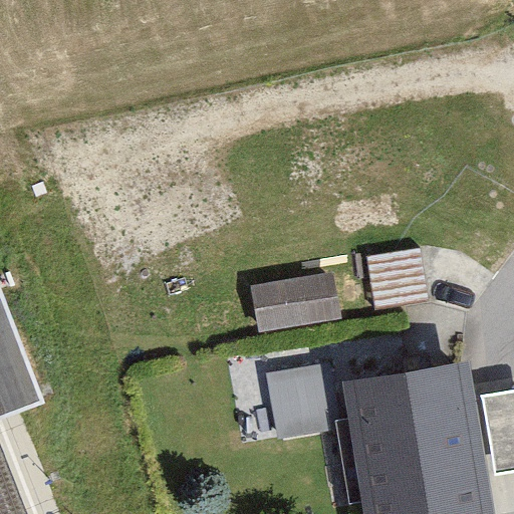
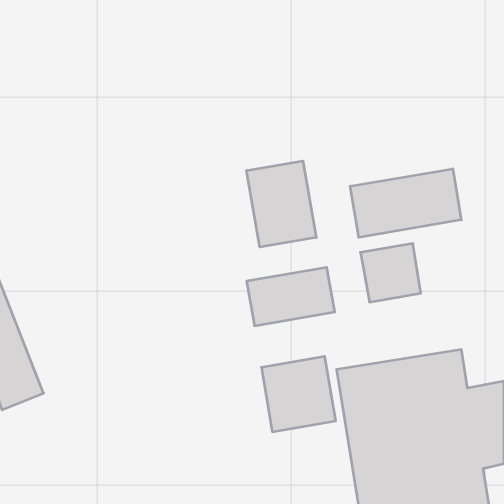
building: none -> [247,161,316,247]
building: none -> [350,169,461,237]

